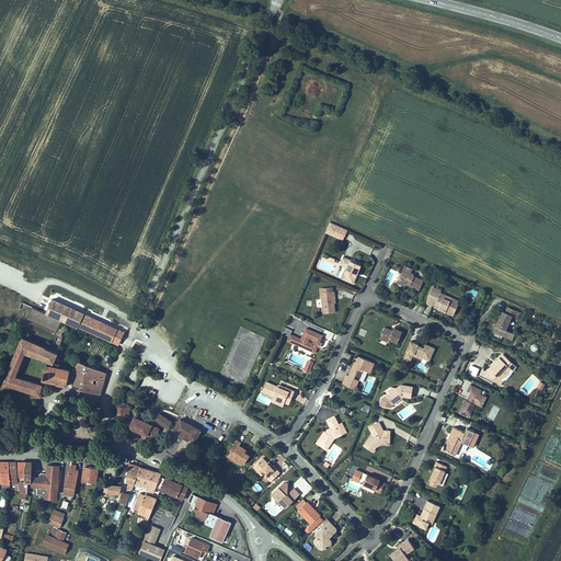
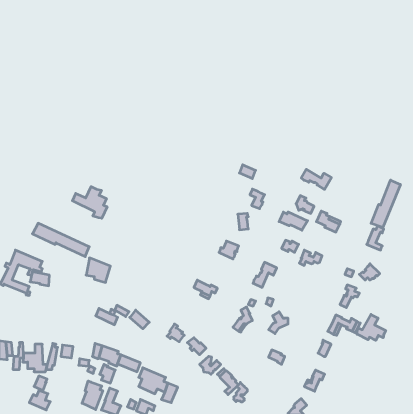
building: none -> [301,169,331,189]
building: none -> [371,180,400,228]
building: none -> [72,187,107,218]
building: none -> [279,212,308,230]
building: [71,364,104,397] -> [86,258,110,282]
building: [378,383,412,408] -> none
building: none -> [357,314,386,340]
building: none -> [82,381,103,410]

